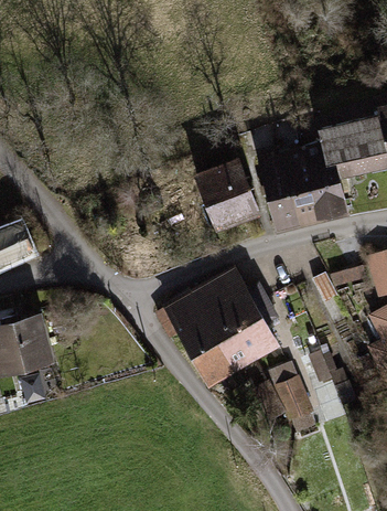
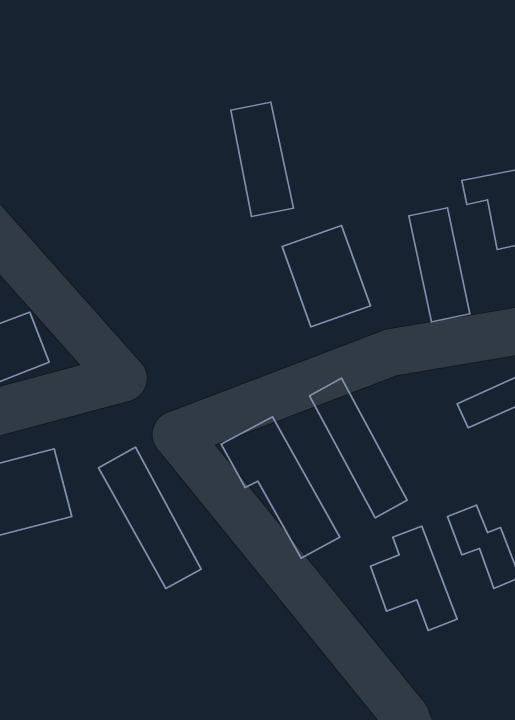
building: [311,141,353,220] -> none
building: [257,152,300,231] -> [231,102,293,216]
building: [191,276,261,373] -> [99,447,201,588]

